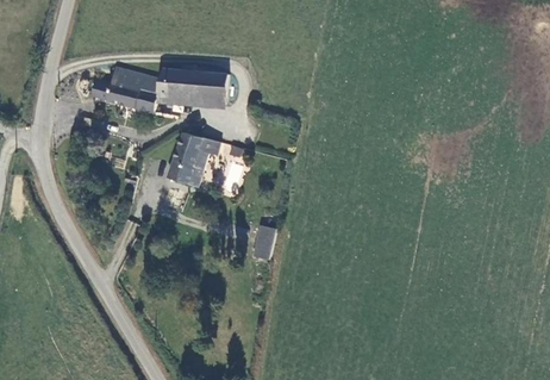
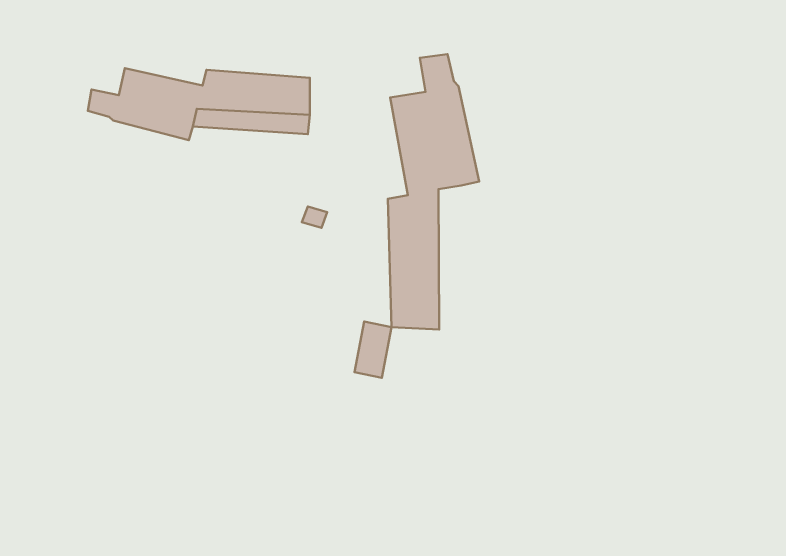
building: none -> [388,54,479,330]
building: [168,131,221,185] -> none

